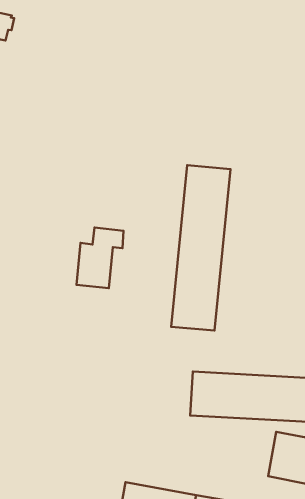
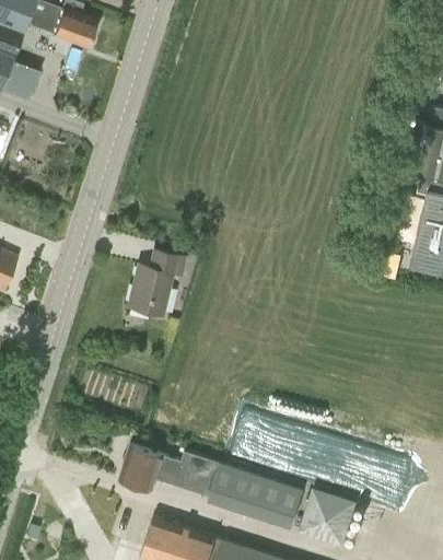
building: [171,165,231,331] -> none
building: none -> [119,445,303,527]

